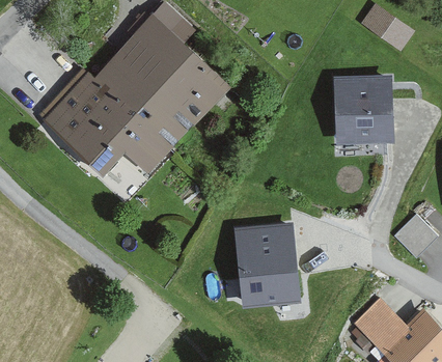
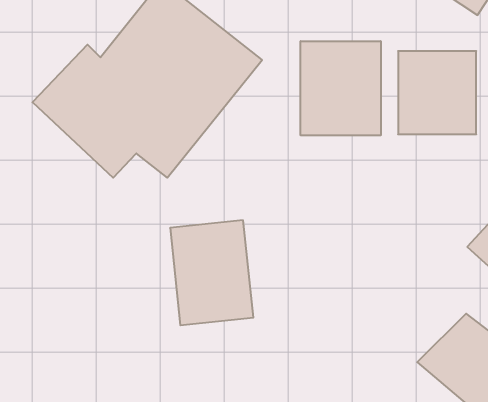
building: none -> [301,41,381,135]
building: [228,222,296,307] -> [170,220,253,325]

